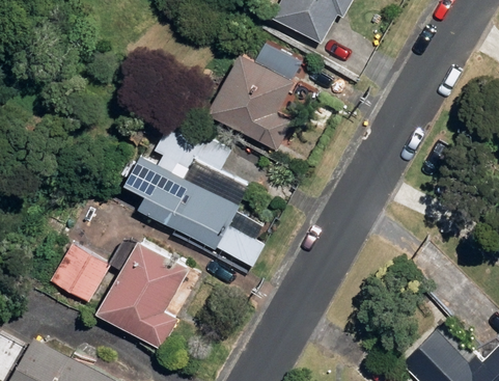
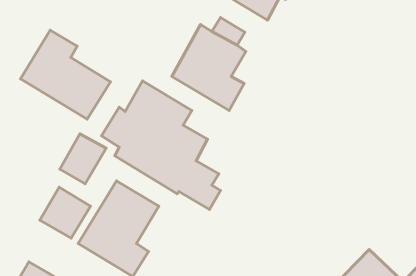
building: none -> [20,30,111,119]
building: none -> [60,134,106,184]

